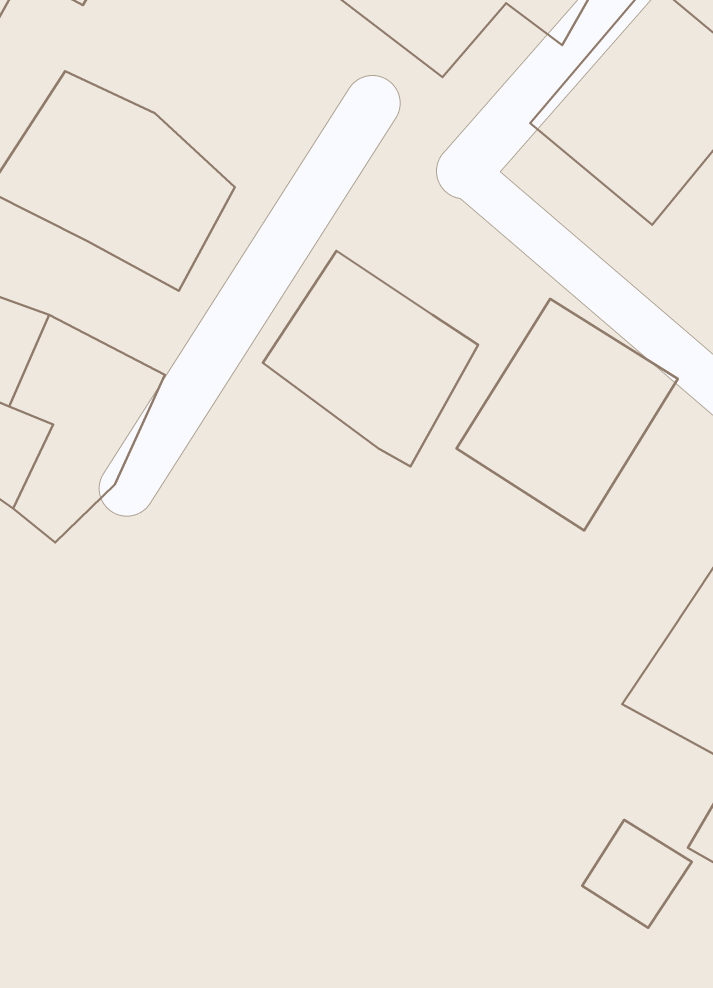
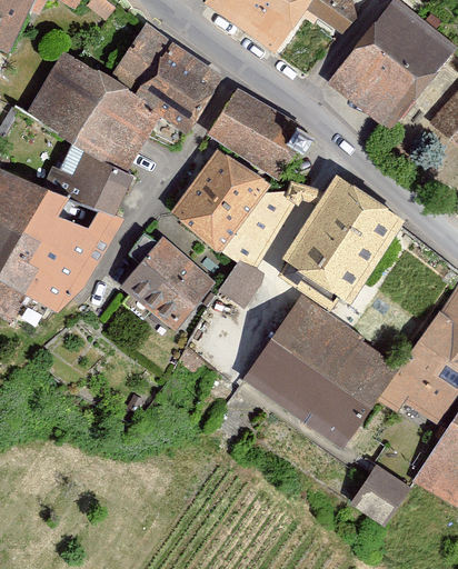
building: none -> [114,23,221,133]
building: none -> [206,84,323,181]
building: none -> [56,143,135,218]
building: none -> [122,239,217,331]
building: none -> [219,259,263,308]
building: none -> [245,296,400,443]

